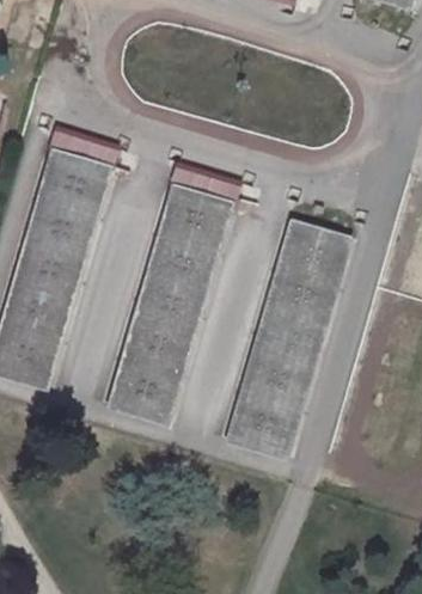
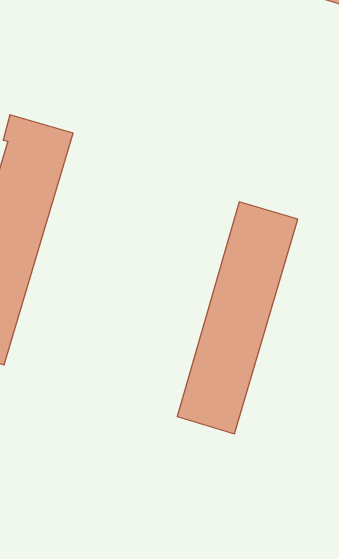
building: [111,163,244,416] -> none

